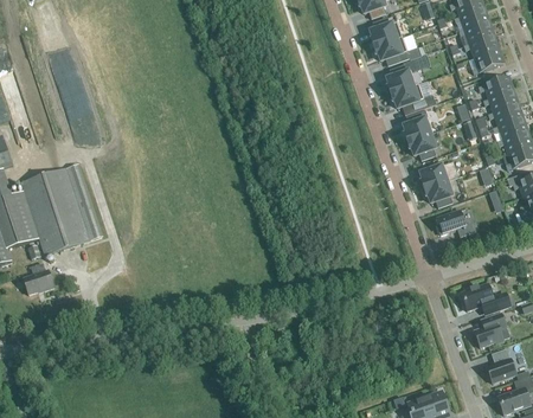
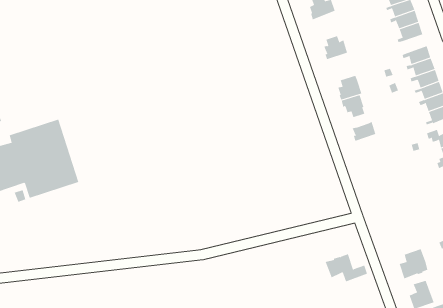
building: [374,36,407,65] -> none
building: [391,83,436,115] -> none
building: [424,179,455,207] -> none
building: [437,210,474,236] -> none
building: [24,262,53,292] -> none
building: [461,282,510,315] -> [325,254,368,282]

